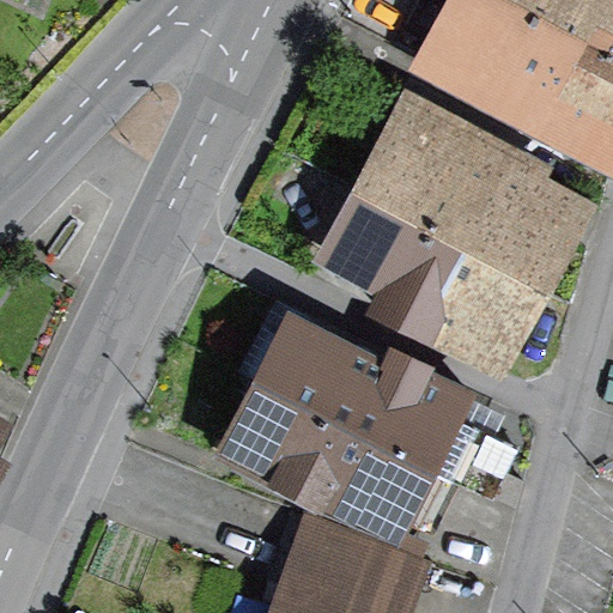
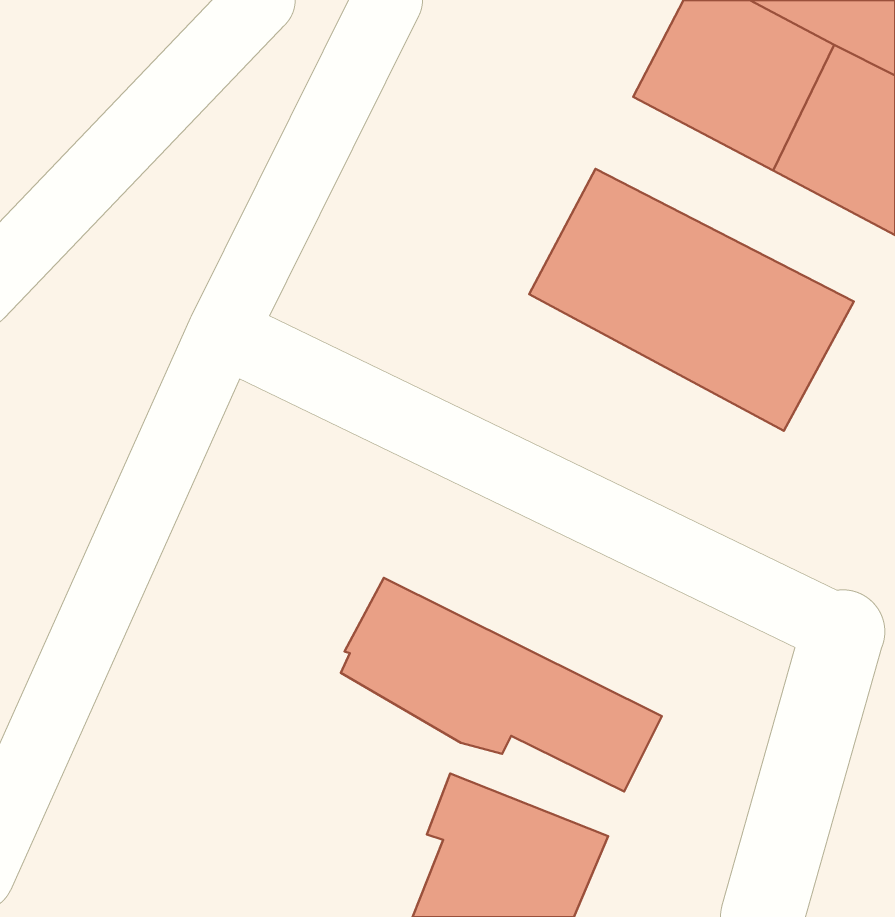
building: [327,196,523,366] -> none
building: [256,326,496,493] -> none

